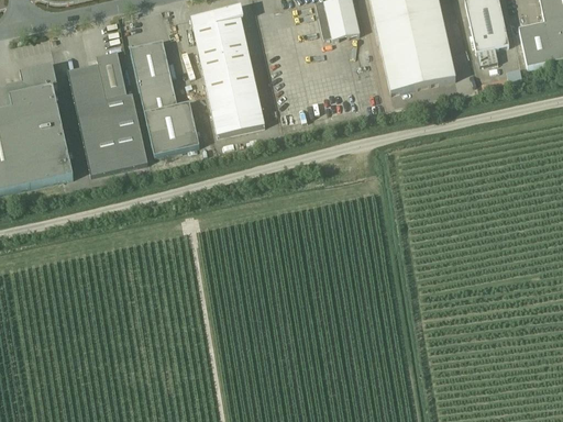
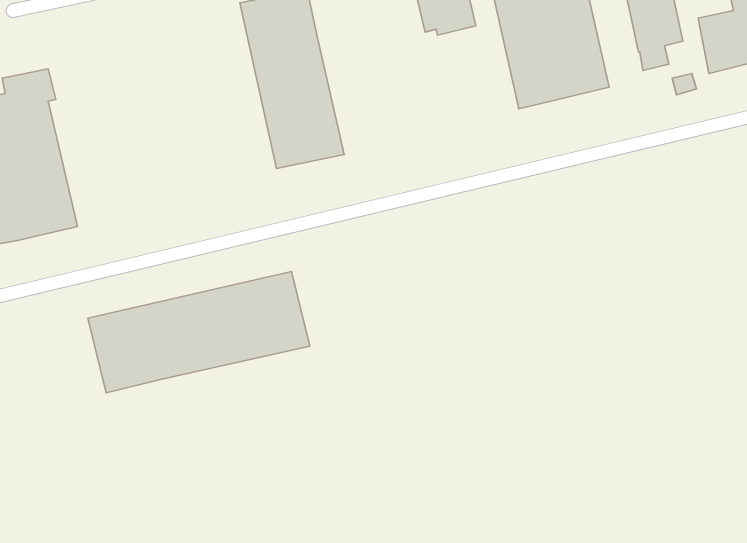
building: [130,40,199,155] -> none
building: [67,51,146,175] -> none
building: none -> [88,272,310,393]

